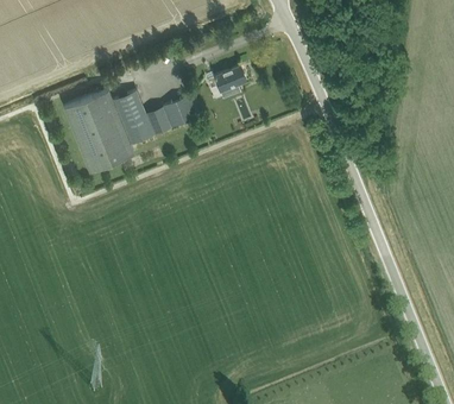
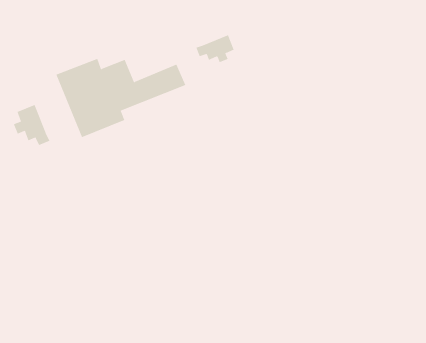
building: none -> [13,104,50,146]

